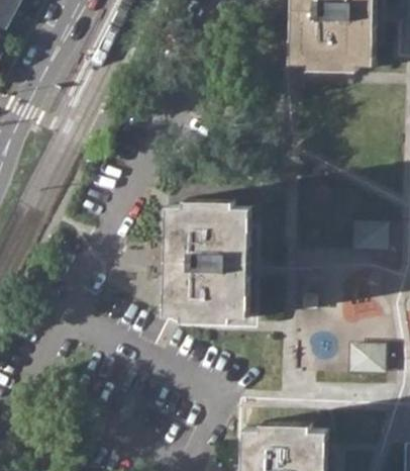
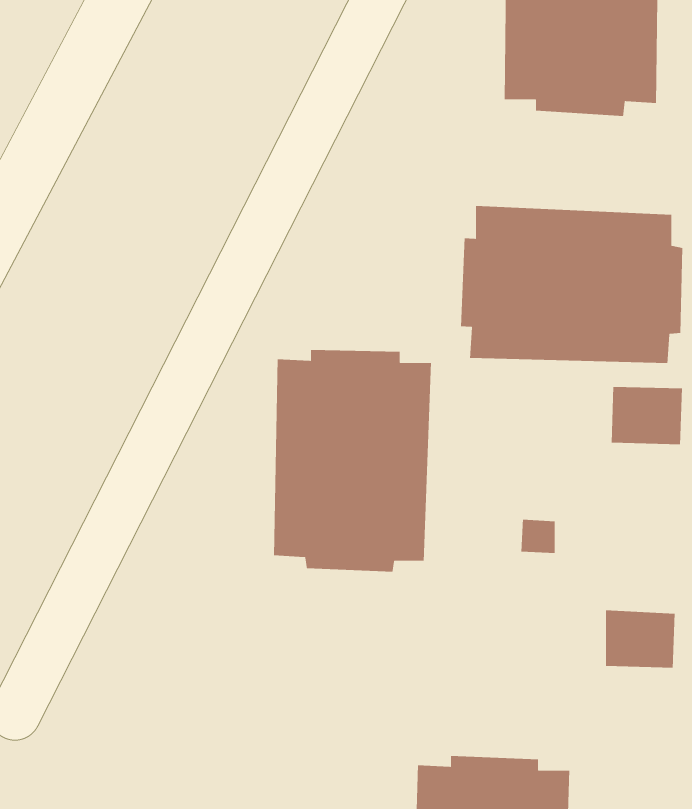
building: none -> [460,205,683,364]

